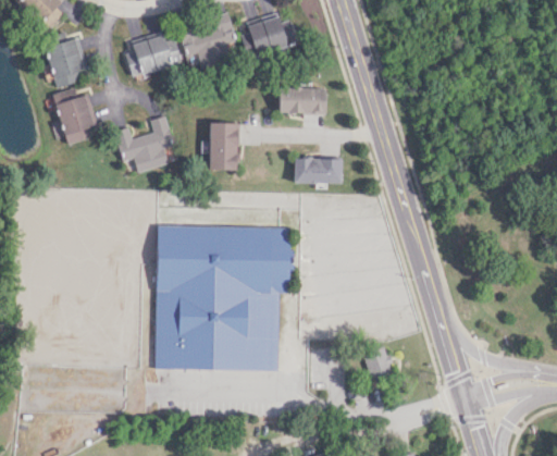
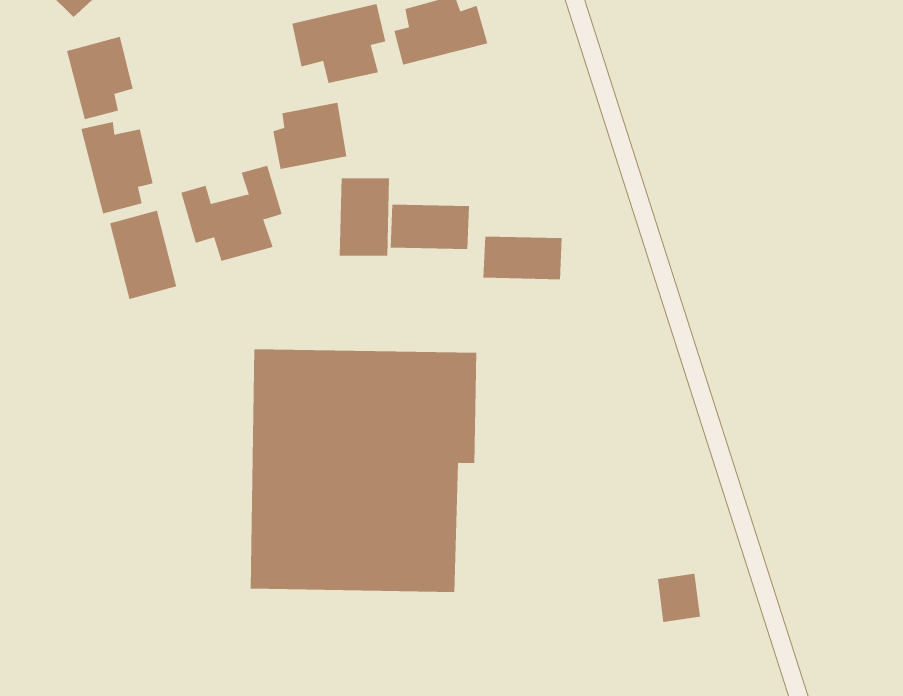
building: [126,36,171,76] -> [273,102,347,169]
building: [278,87,326,114] -> [390,204,470,250]
building: none -> [110,210,177,300]
building: [366,348,392,378] -> [657,573,701,622]

